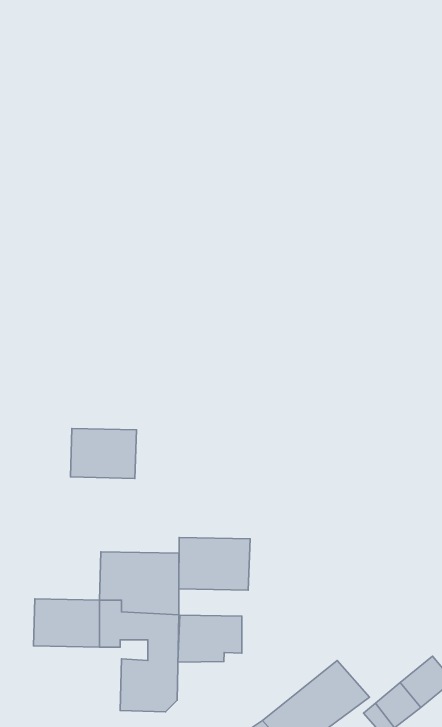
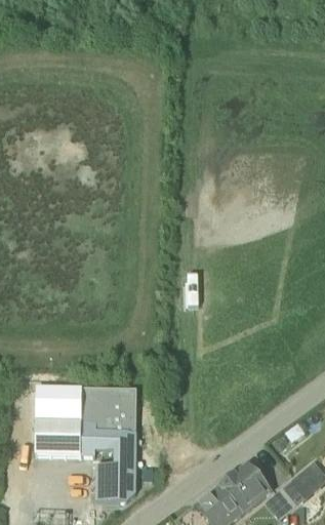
building: [70,428,136,478] -> [36,388,82,422]
building: [179,537,250,590] -> none
building: [178,615,242,662] -> none

